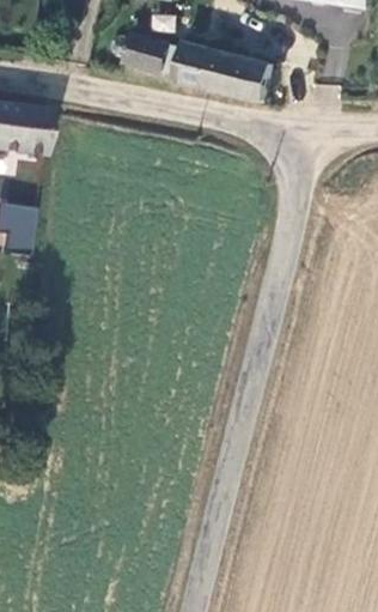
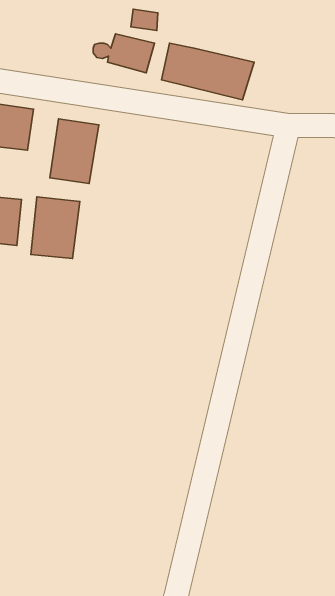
building: none -> [50,119,99,183]
building: none -> [31,197,80,259]

